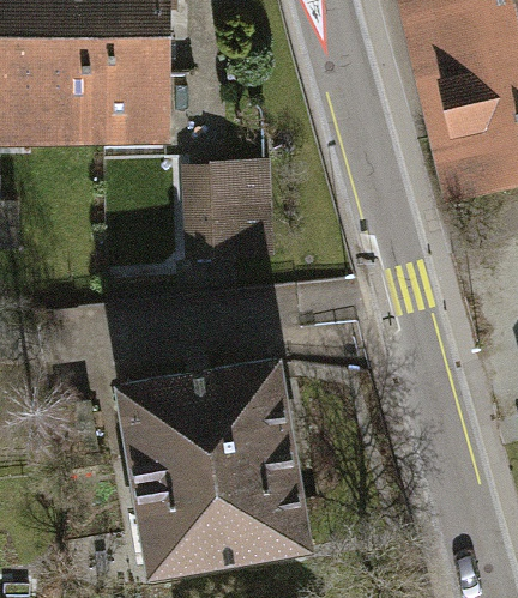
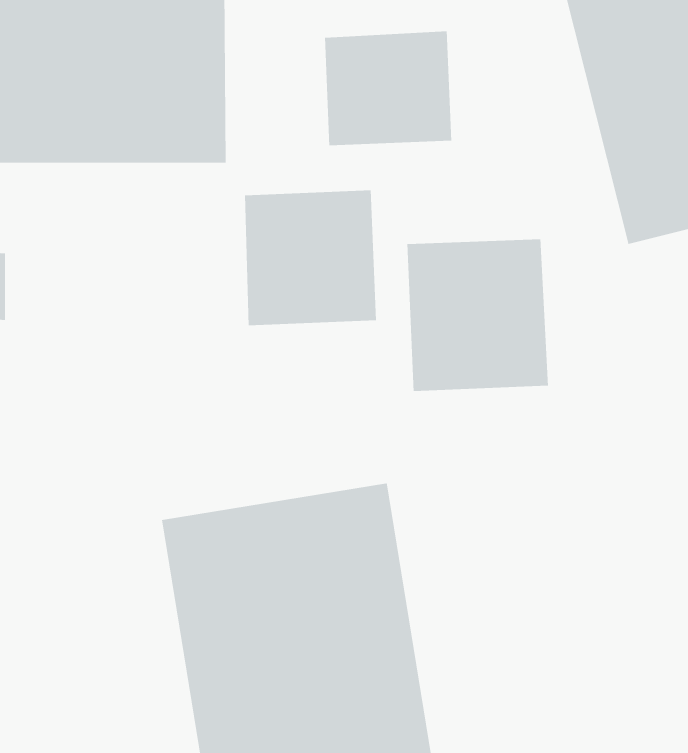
building: none -> [325,31,452,146]
building: none -> [407,238,549,392]

